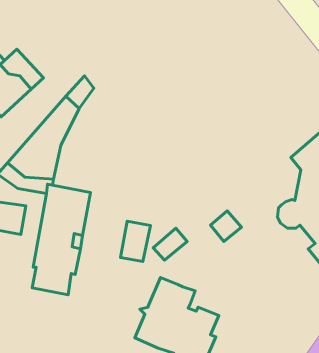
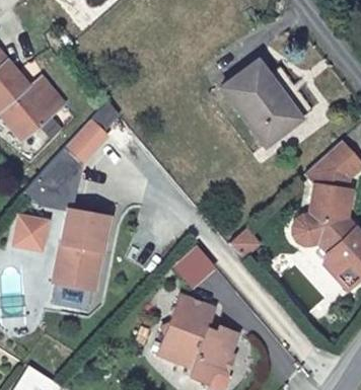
building: none -> [223,64,303,154]
building: [121,221,150,261] -> none

